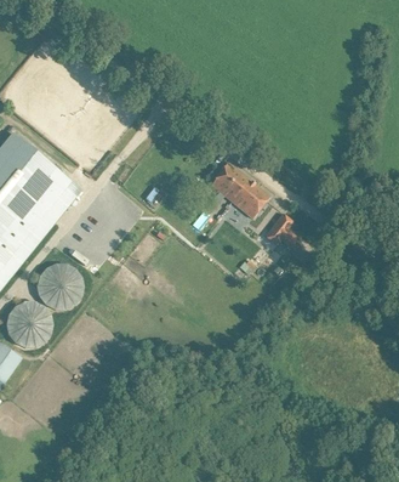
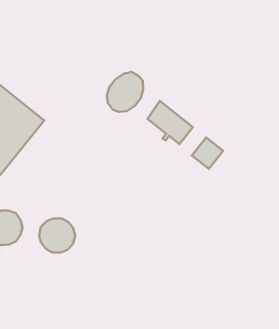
building: none -> [107,72,143,112]
building: [38,265,84,308] -> [39,218,75,253]

